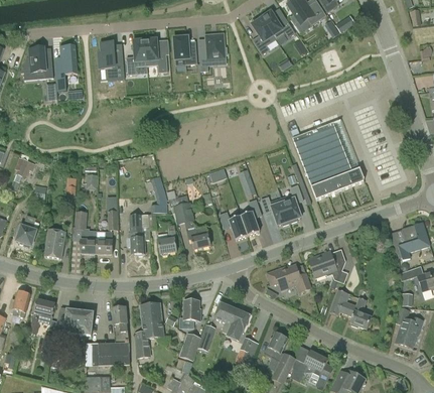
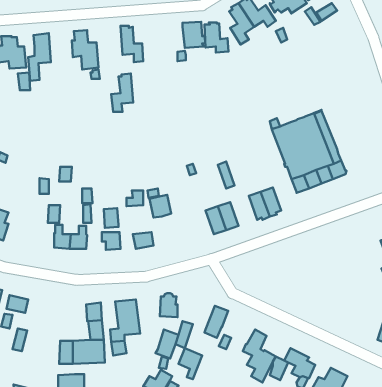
building: [174,34,197,63] -> [205,23,228,53]
building: [126,36,147,74] -> [111,73,133,112]
building: [186,224,210,248] -> none
building: [44,229,65,257] -> none
building: [310,250,343,280] -> none
building: [267,264,311,290] -> none
building: [329,288,371,329] -> none
building: [213,301,237,332] -> [178,348,202,379]
building: [55,308,94,335] -> none

